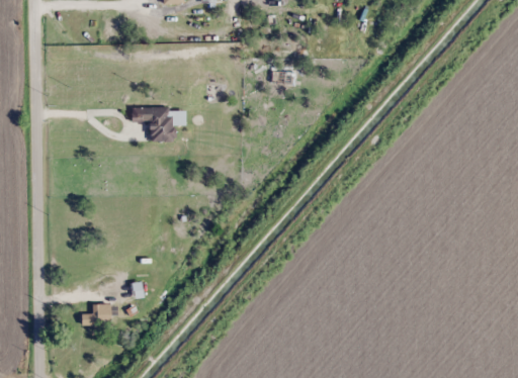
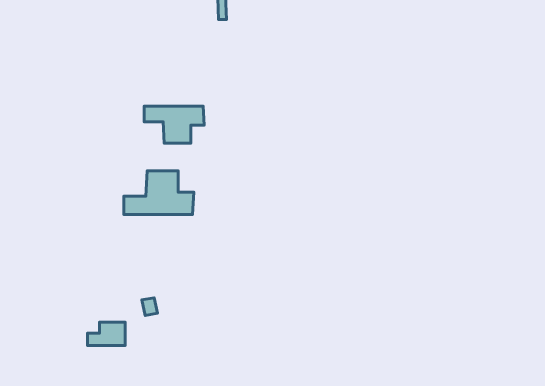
building: none -> [124,171,194,215]

